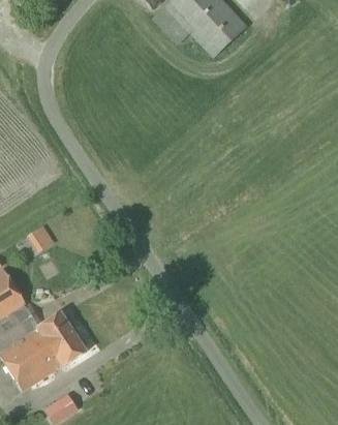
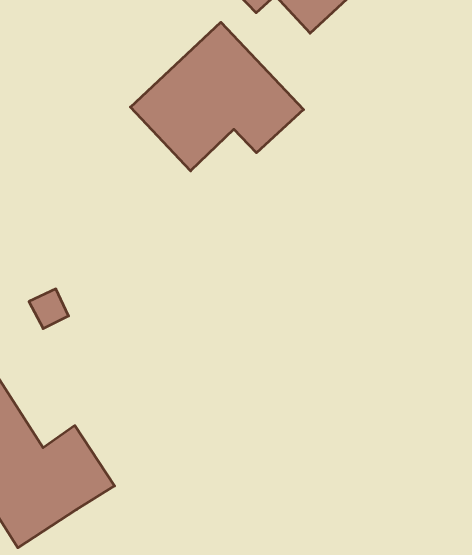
building: none -> [130,22,304,171]

